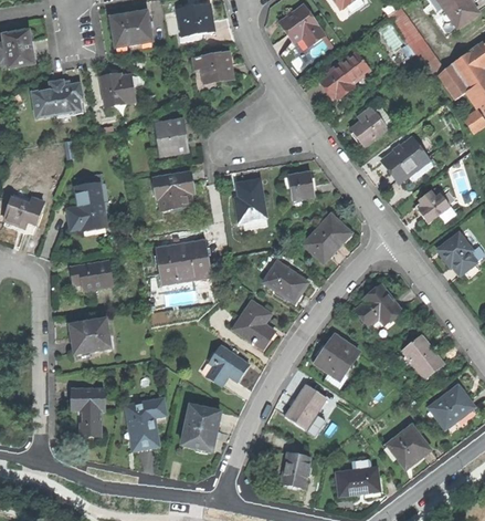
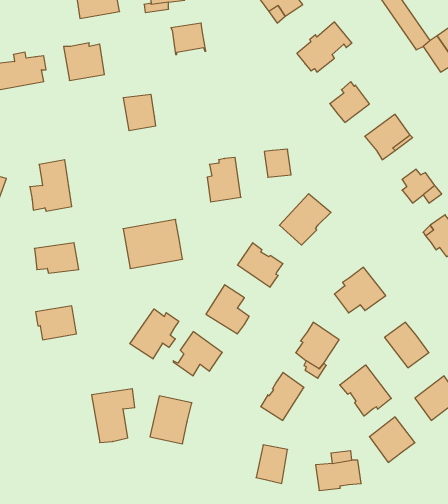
building: [154,173,193,209] -> none
building: none -> [130,309,179,359]
building: none -> [340,365,391,416]
building: [71,388,103,434] -> none

